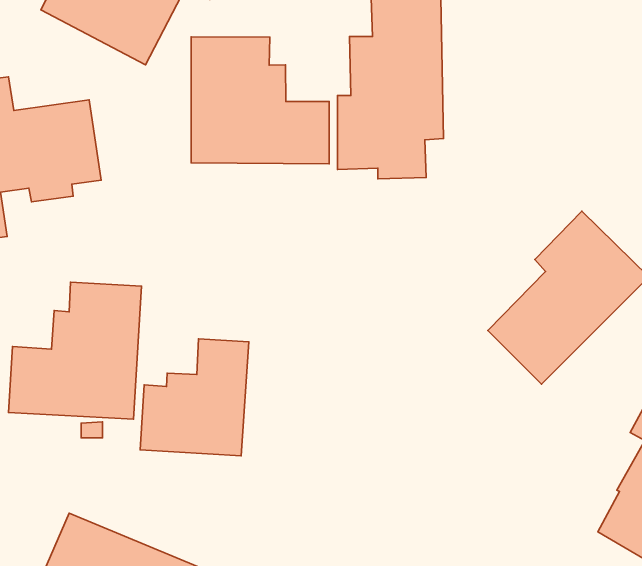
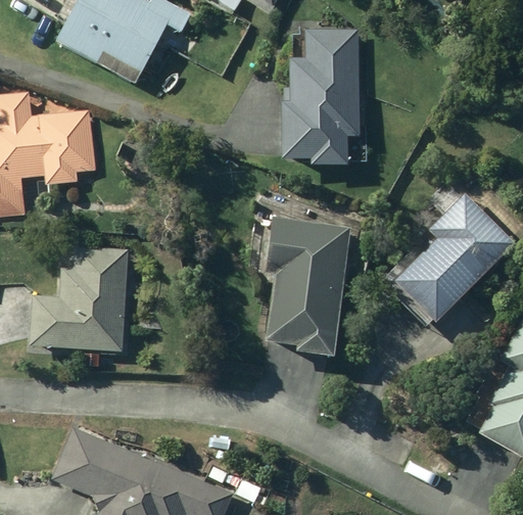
building: [191,37,329,164] -> none
building: none -> [264,218,350,360]
building: [140,339,249,456] -> none

